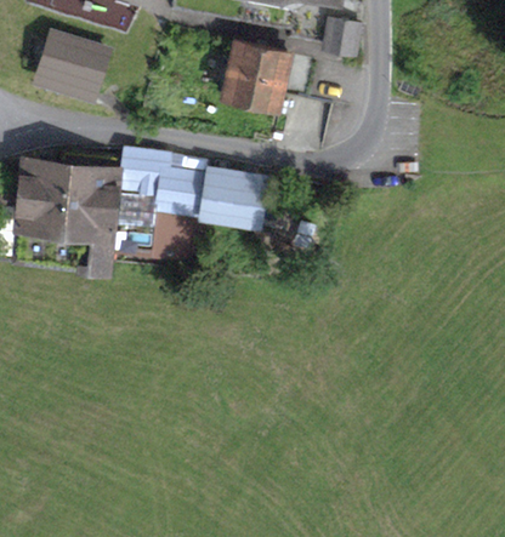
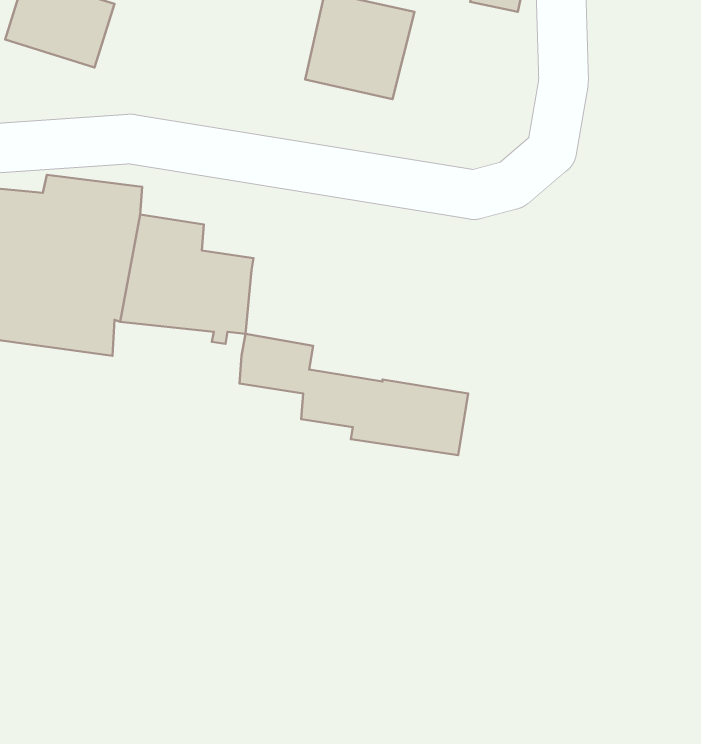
building: [124,145,263,219] -> [240,334,468,455]

